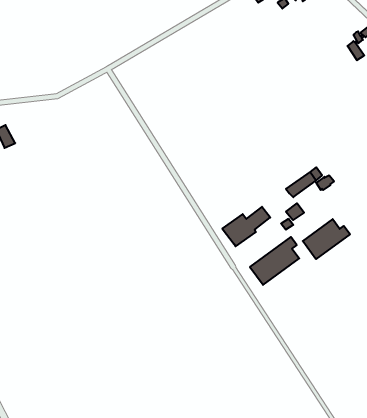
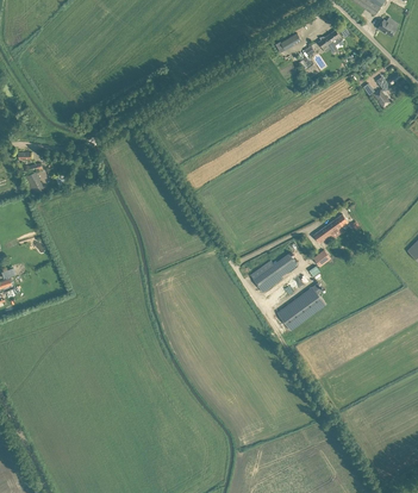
building: [303,219,350,259] -> none

